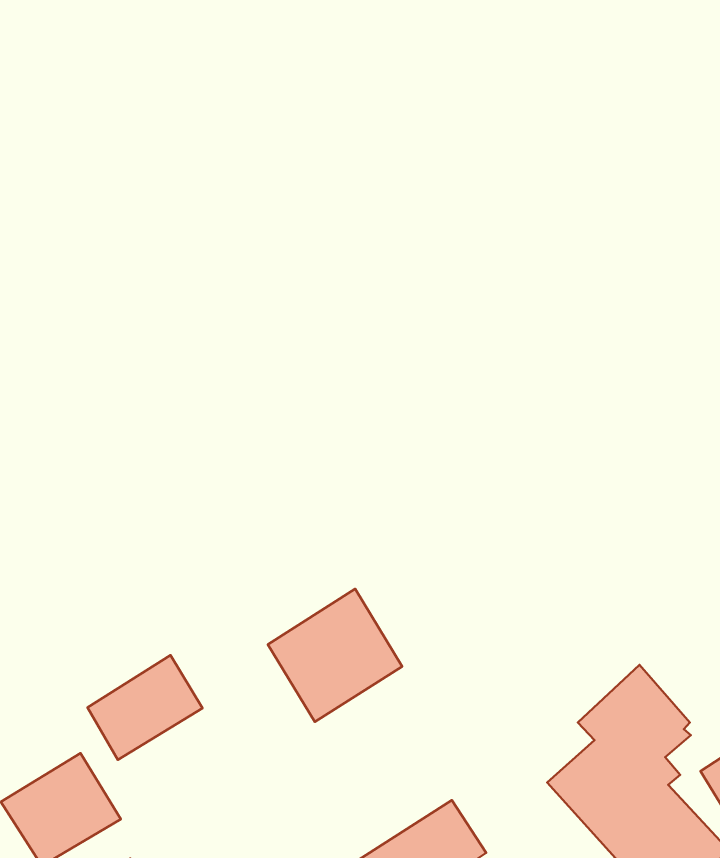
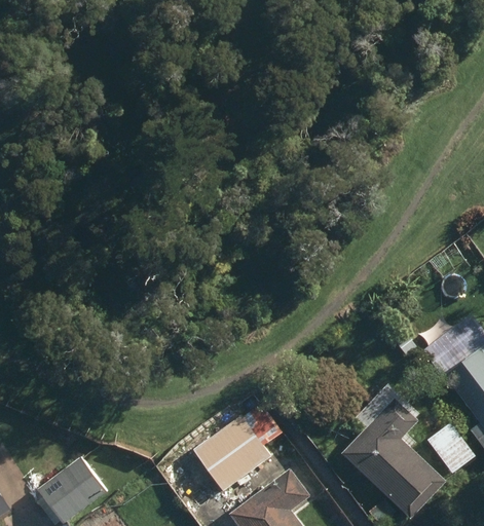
building: [268,589,402,722] -> [195,415,271,491]
building: [87,655,203,760] -> none

